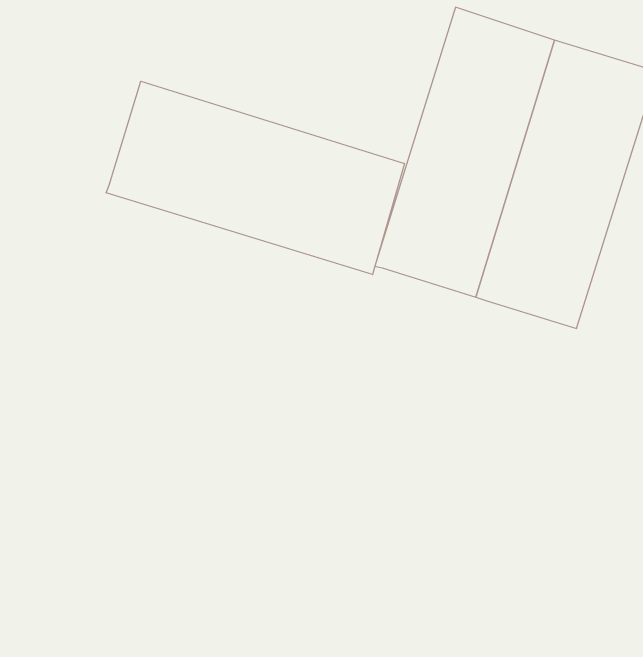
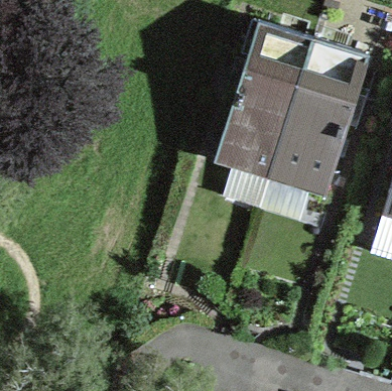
building: [106,81,404,275] -> none

